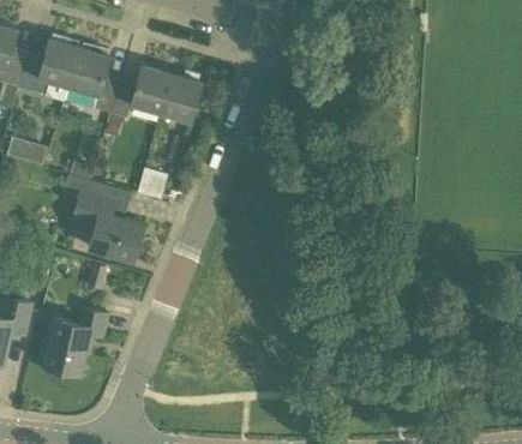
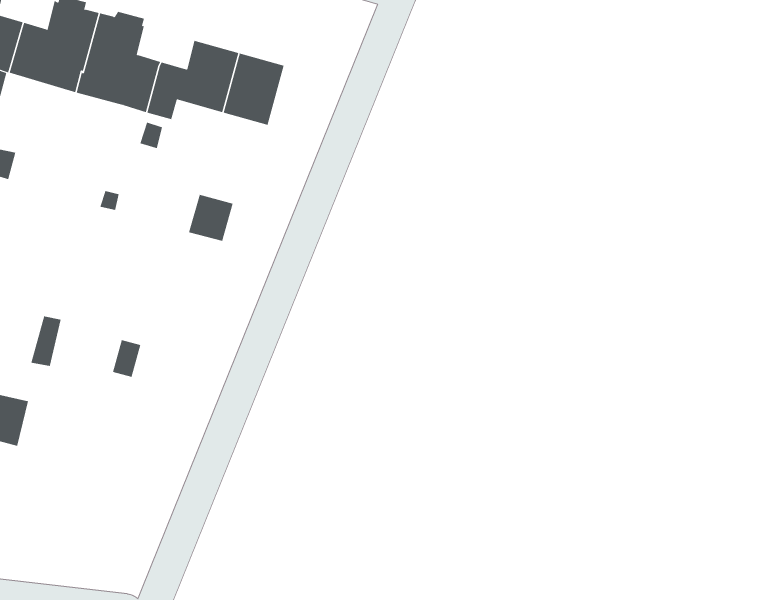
building: [72,190,144,259] -> none
building: [43,307,109,372] -> none

